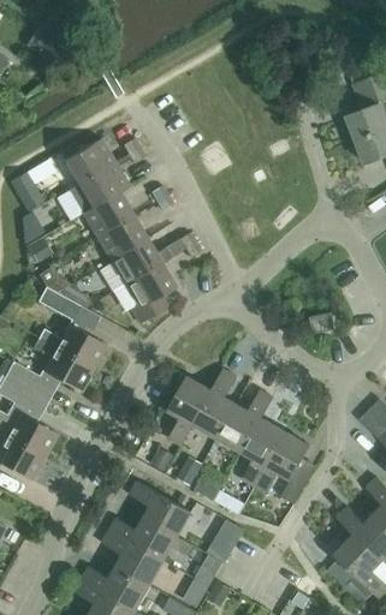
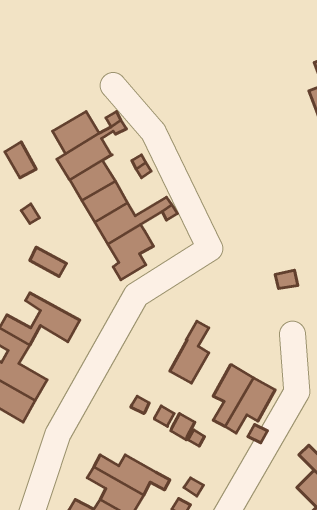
building: [37,323,106,368] -> none
building: [167,376,212,444] -> none
building: [216,389,272,452] -> none
building: [129,480,191,536] -> none

